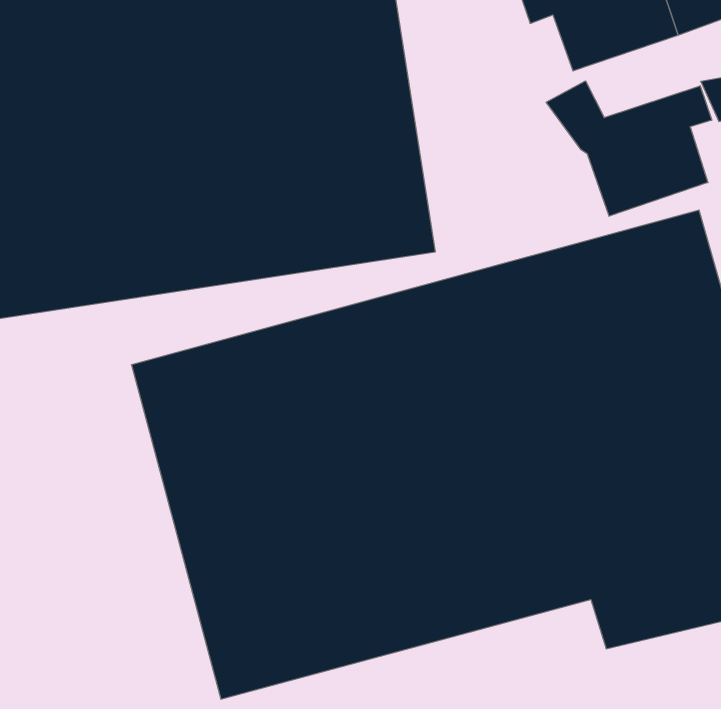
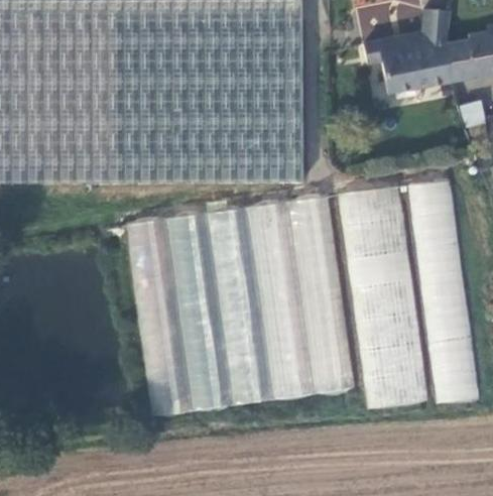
building: [546,81,712,216] -> none

